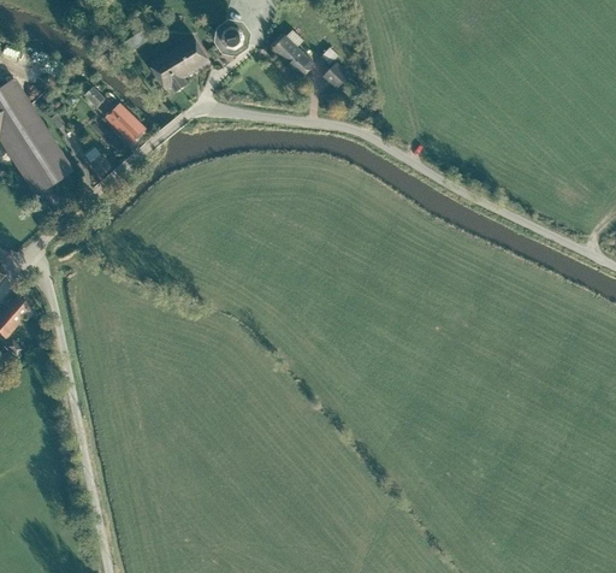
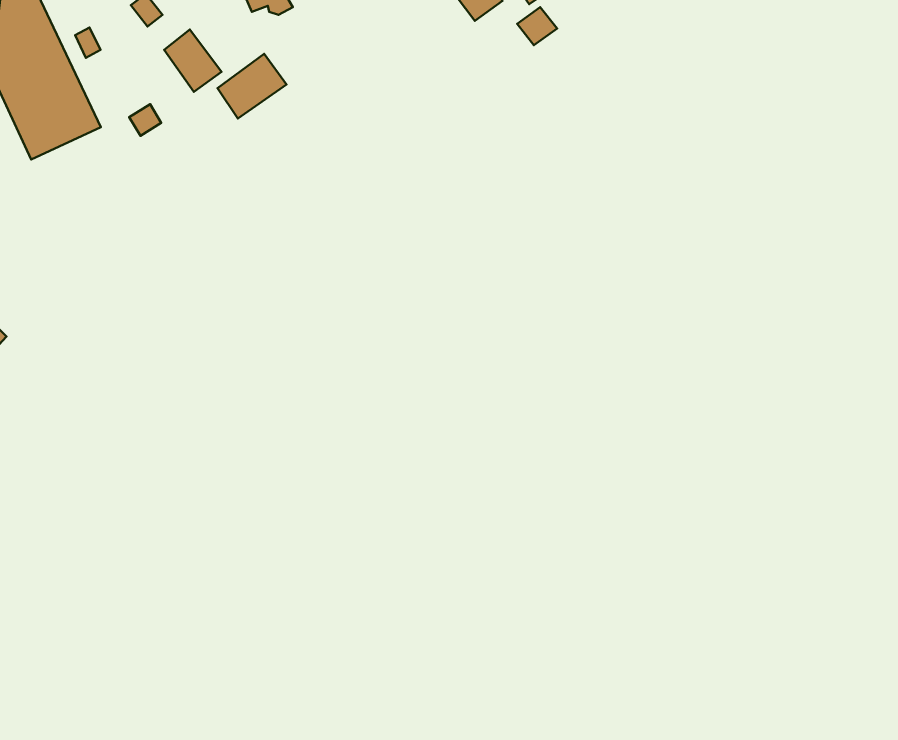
building: none -> [218,54,286,119]

